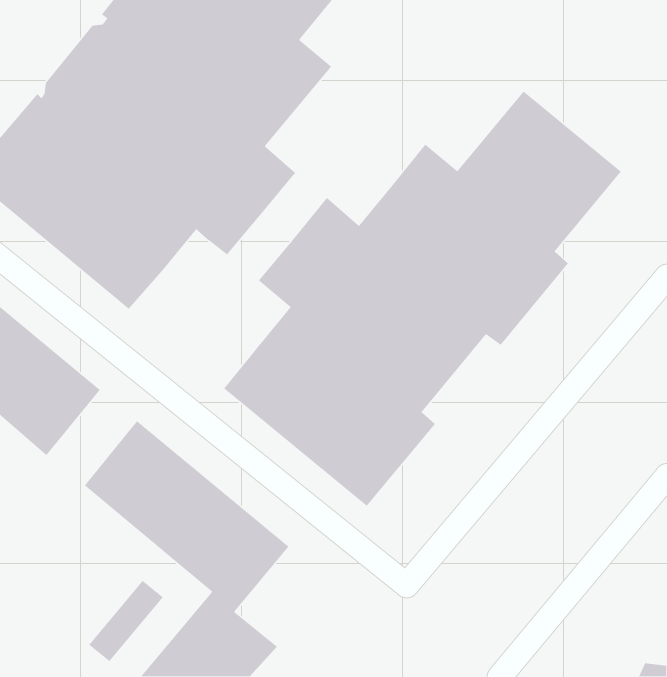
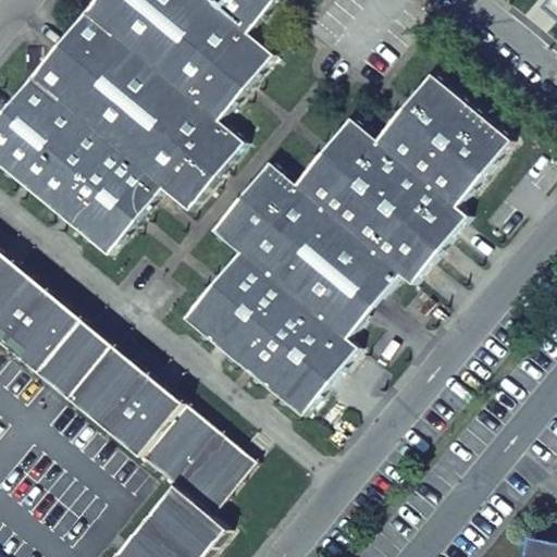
building: none -> [38,319,112,397]
building: [88,580,164,662] -> [193,447,255,515]

